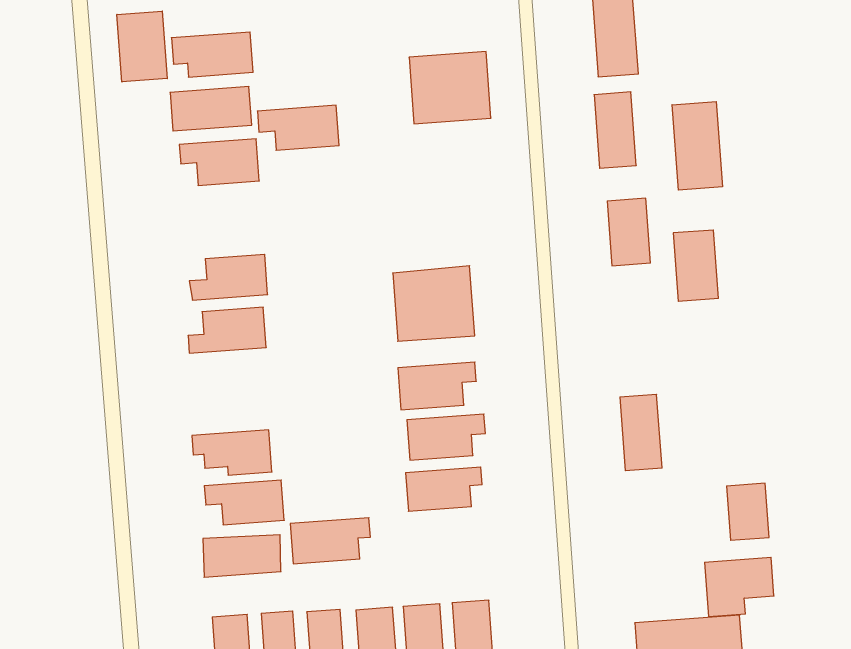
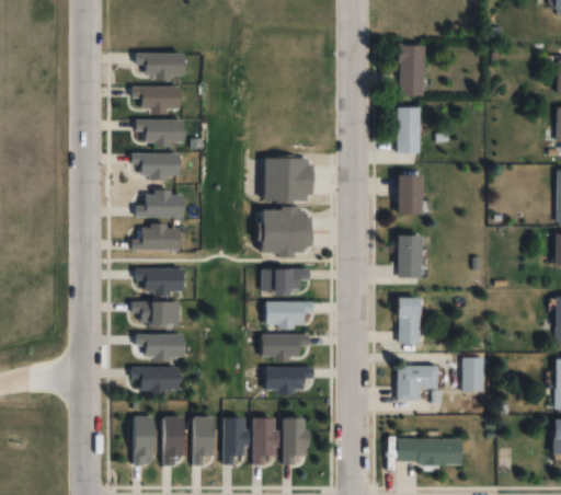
building: [117,11,167,82] -> none
building: [409,52,491,124] -> [264,158,312,199]
building: [672,102,722,190] -> none
building: [257,105,339,150] -> [130,153,180,179]
building: [673,230,718,301] -> [397,234,422,277]
building: none -> [135,268,183,292]
building: [290,518,370,564] -> [263,367,312,392]
building: [705,557,774,617] -> [396,365,437,399]

